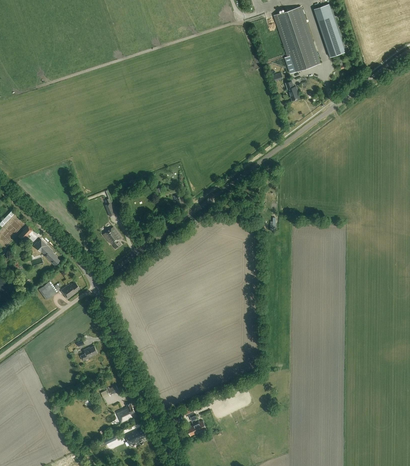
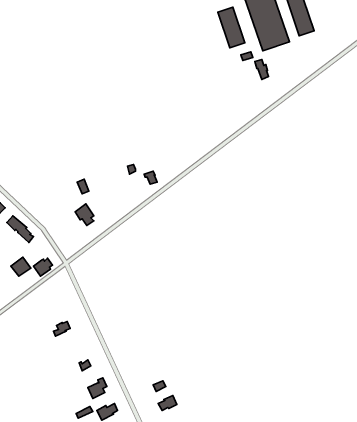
building: none -> [218,7,245,48]

